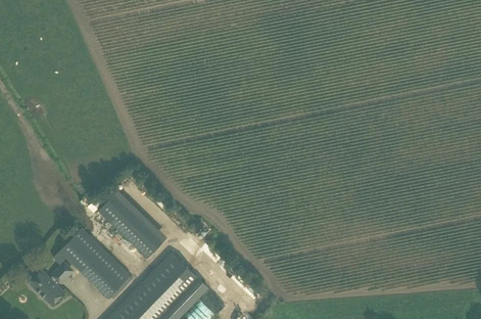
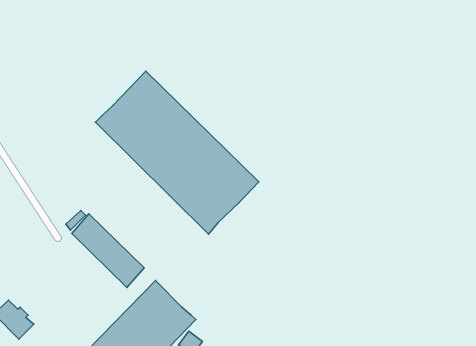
building: none -> [96,71,259,234]
building: [53,228,131,299] -> none

